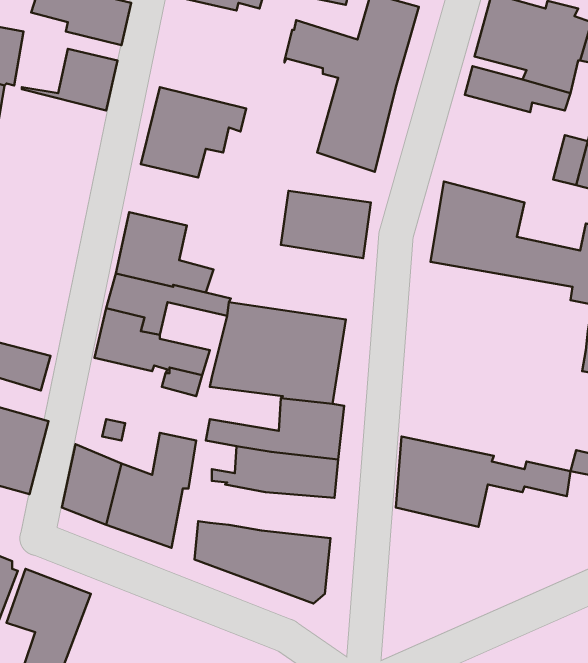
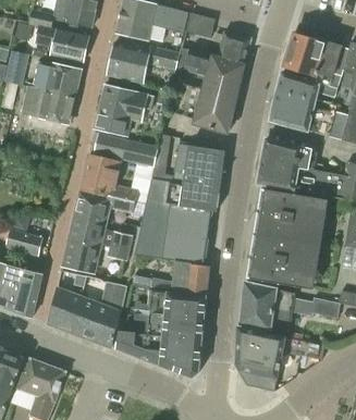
building: none -> [107,42,180,83]
building: none -> [20,86,74,124]
building: none -> [269,89,328,135]
building: none -> [94,134,156,166]
building: none -> [144,174,220,217]
building: none -> [245,188,323,288]
building: none -> [62,238,100,273]
building: none -> [133,310,204,341]
building: none -> [236,329,323,390]

